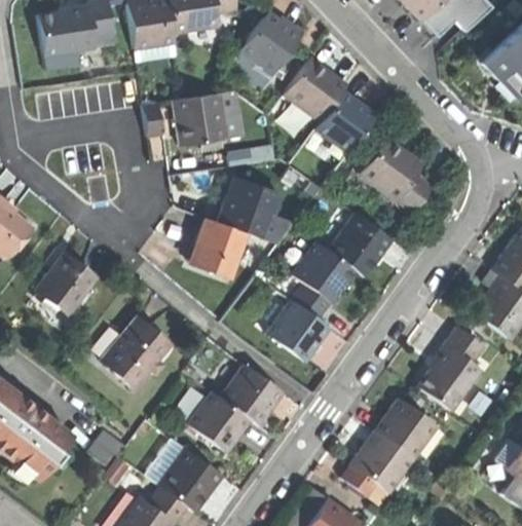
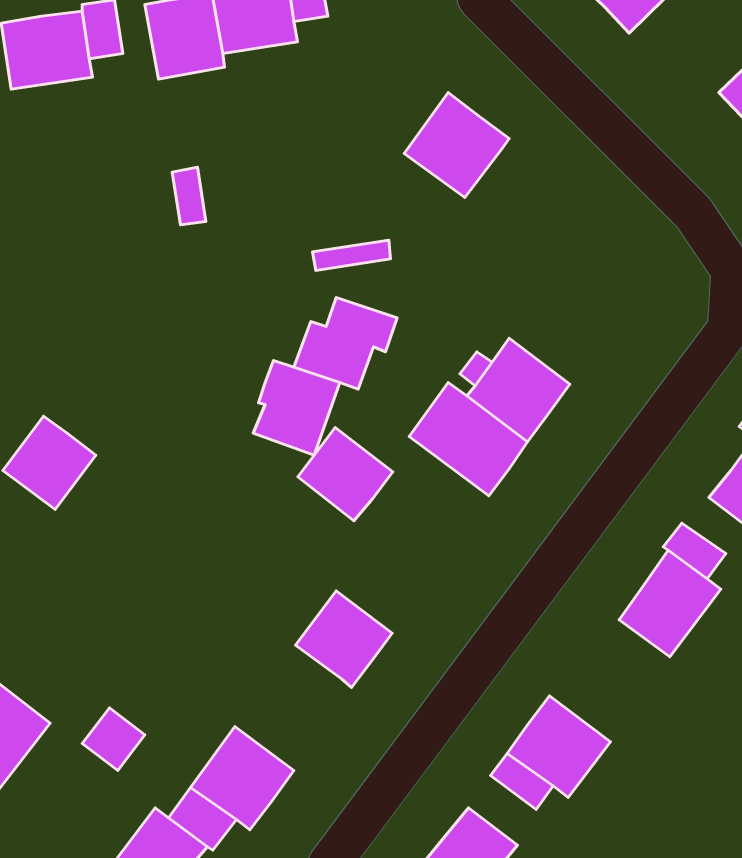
building: [243,13,303,76] -> none
building: [319,93,379,156] -> none
building: [176,96,228,148] -> none
building: [353,128,426,205] -> none
building: [267,296,325,352] -> [298,428,393,521]
building: [105,318,175,389] -> none
building: [186,387,249,448] -> none
building: [375,394,435,453] -> none

